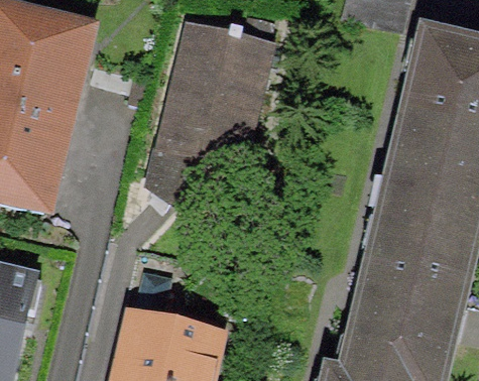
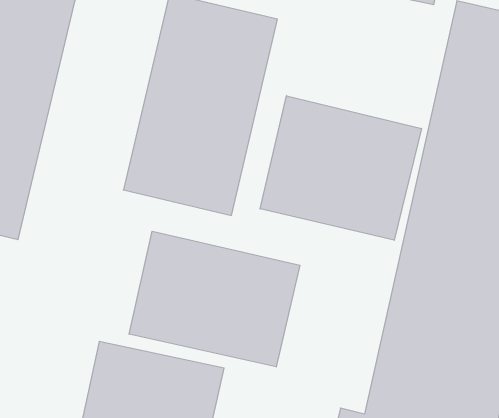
building: none -> [260,96,421,240]
building: none -> [129,231,300,367]

